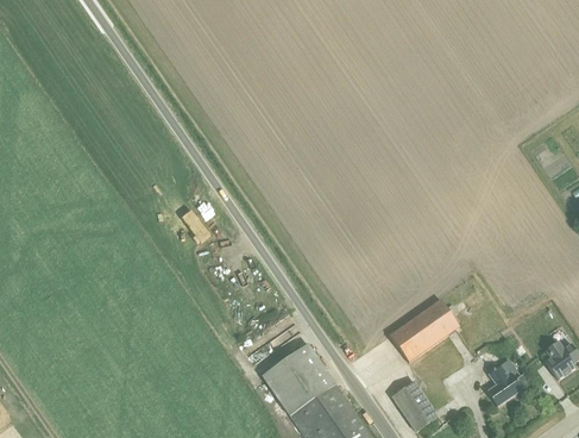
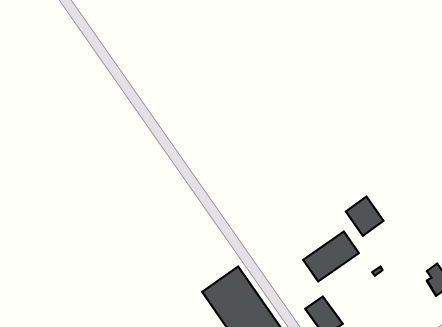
building: none -> [346,196,383,236]
building: [484,358,530,406] -> none

